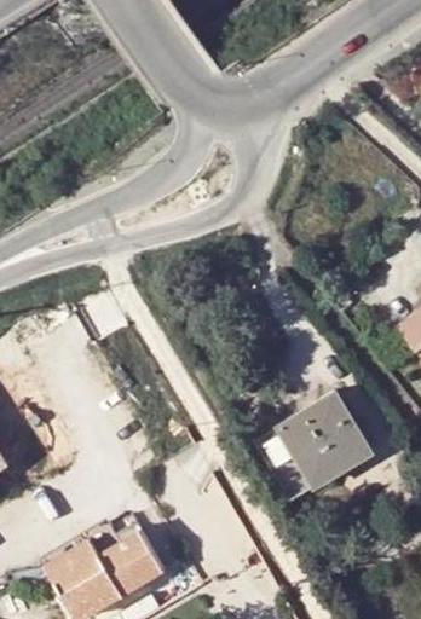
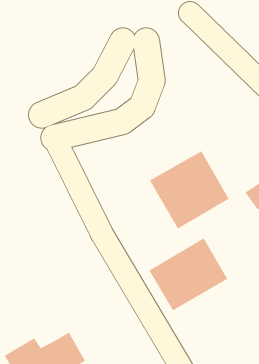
building: none -> [149,151,229,229]

